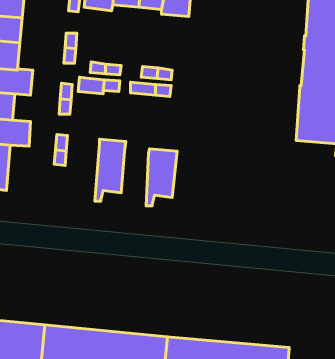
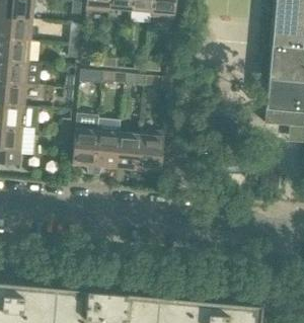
building: none -> [72,114,99,176]
building: none -> [117,134,140,180]

